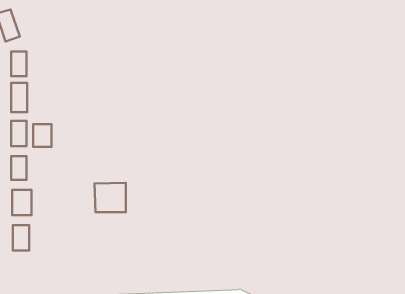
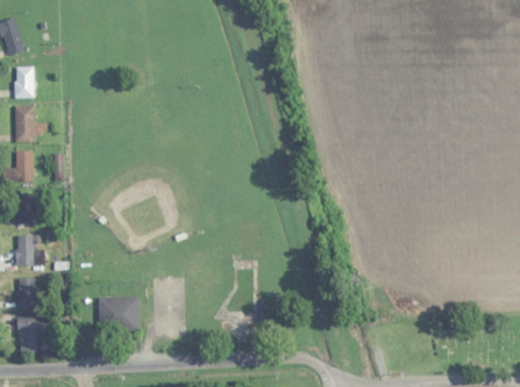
building: [33,124,51,147] -> none
building: [95,183,126,212] -> [102,297,139,332]
building: none -> [18,317,52,352]

